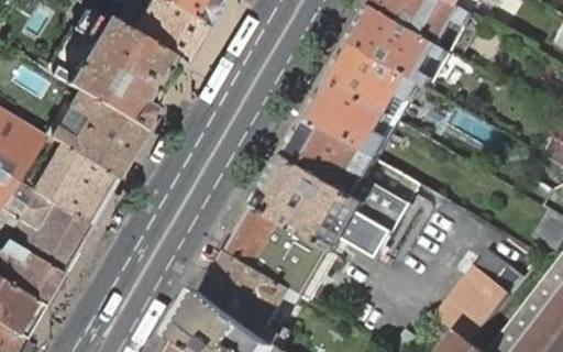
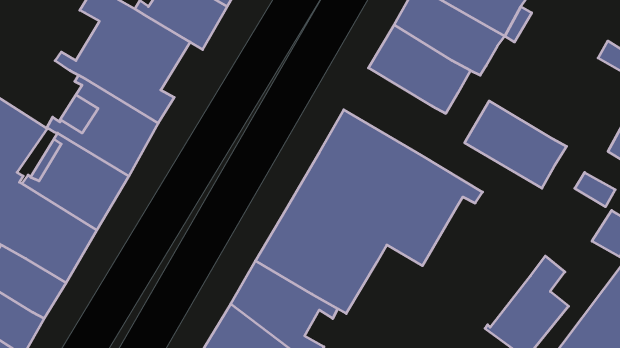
building: [308,79,399,157] -> [465,101,567,188]

